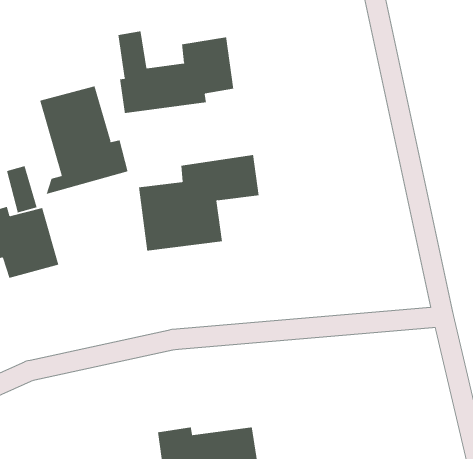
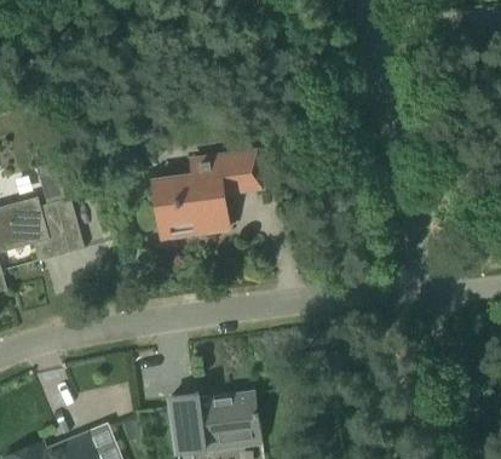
building: [118,31,234,114] -> none
building: [39,85,128,195] -> none

